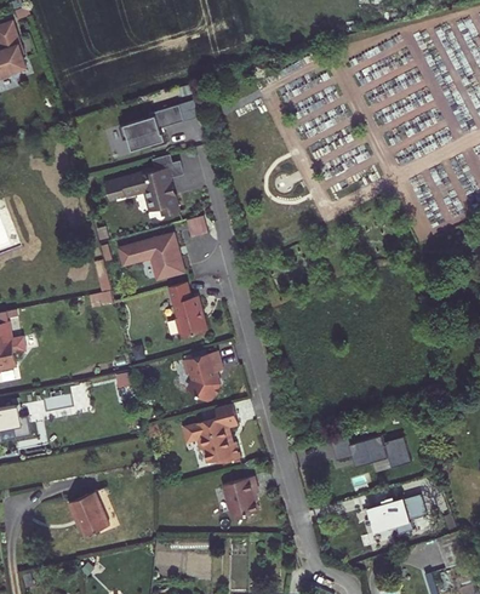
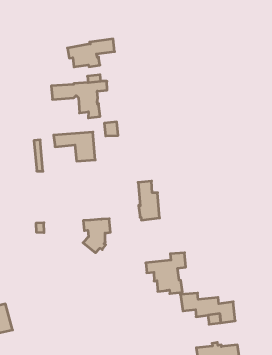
building: [170,285,207,341] -> [138,181,160,220]
building: [182,404,239,463] -> [146,253,186,294]
building: [223,475,261,518] -> none

